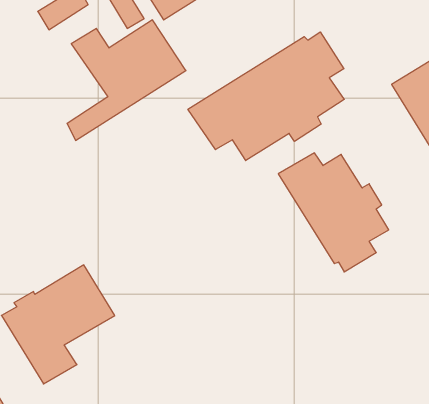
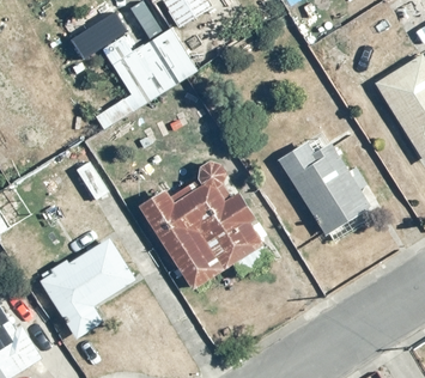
building: [188,32,344,161] -> none
building: none -> [140,161,265,289]

